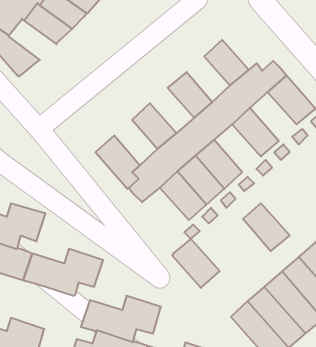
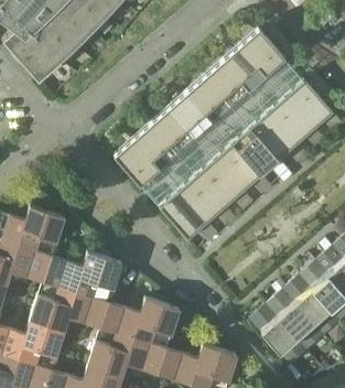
building: none -> [28,24,75,65]
building: none -> [239,29,290,76]
building: none -> [204,62,247,107]
building: none -> [168,93,212,138]
building: none -> [267,97,313,146]
building: none -> [132,125,175,170]
building: [243,203,290,251] -> [231,129,278,176]
building: [172,239,220,288] -> [159,192,206,240]
building: none -> [30,288,108,332]

